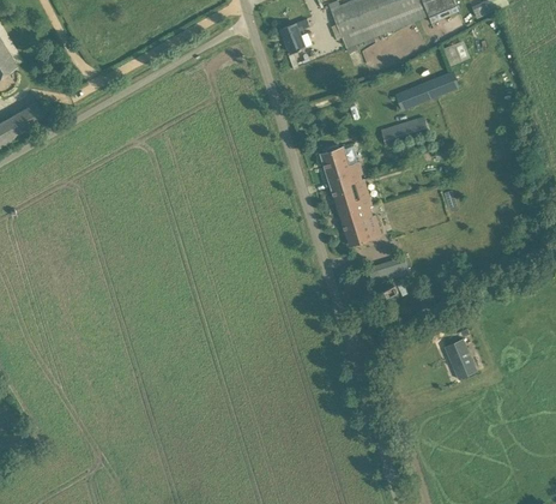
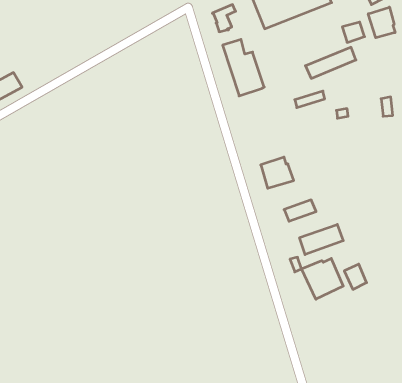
building: none -> [368,7,395,38]
building: [320,148,371,217] -> [223,39,264,96]
building: none -> [300,224,343,255]
building: none -> [302,258,343,299]

